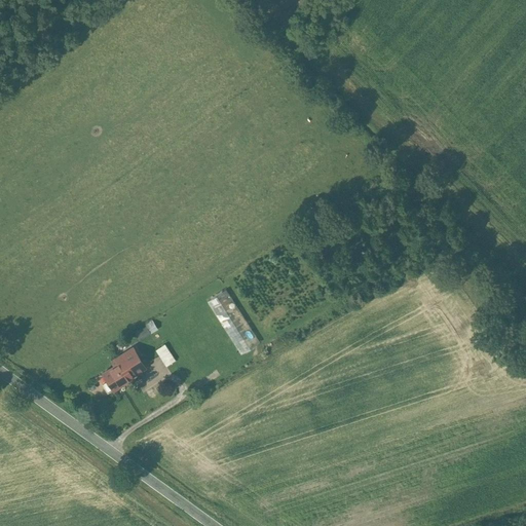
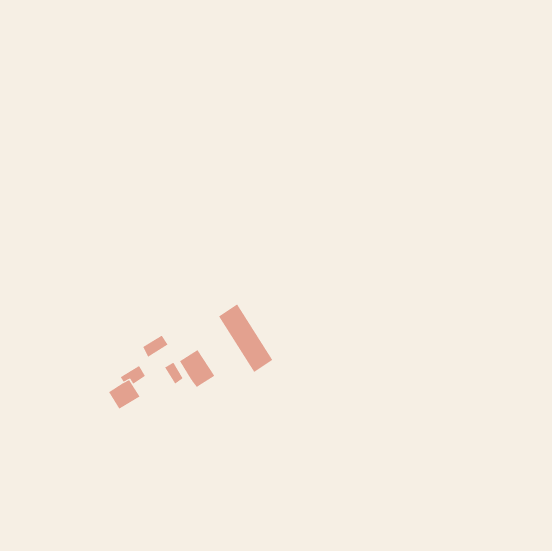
building: none -> [179,349,215,388]

